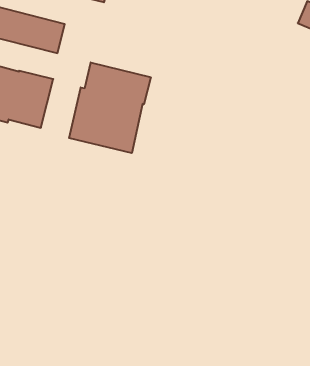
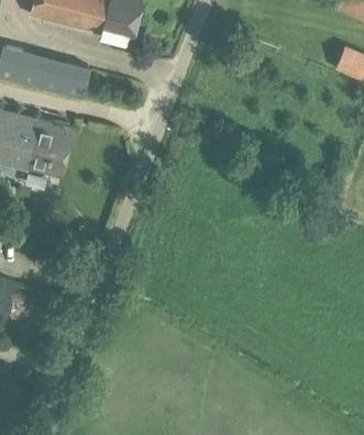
building: [69,62,151,153] -> none

